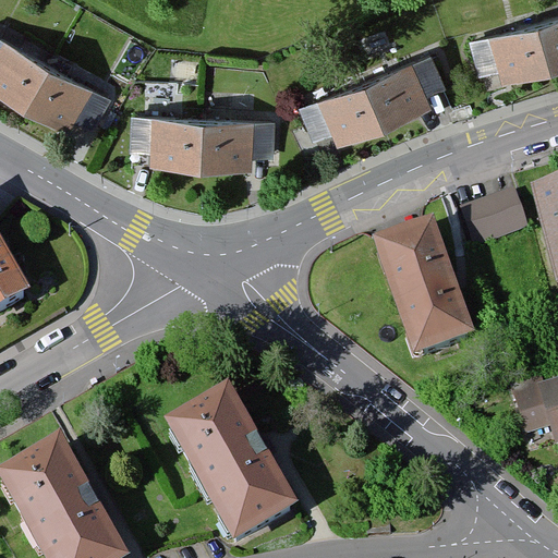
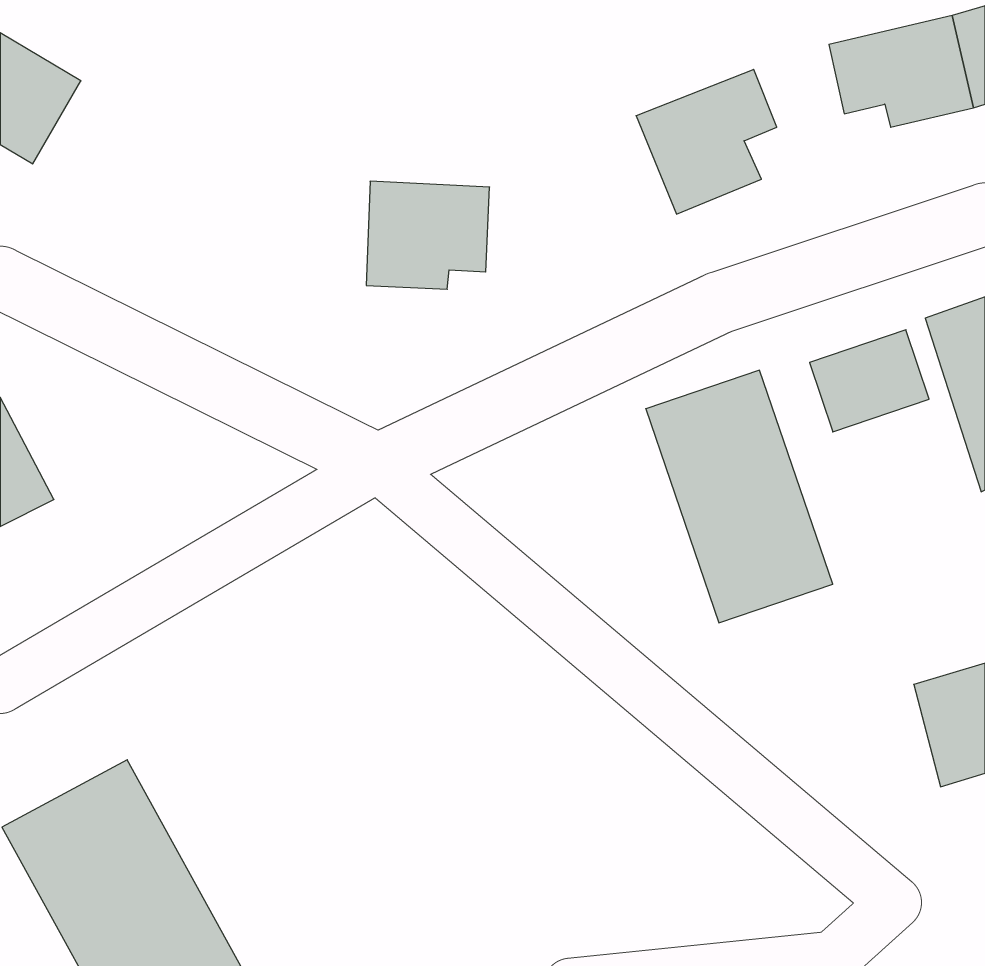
building: [19,57,112,130] -> none
building: [296,76,383,150] -> none
building: [130,110,209,172] -> none
building: [174,386,304,547] -> none

